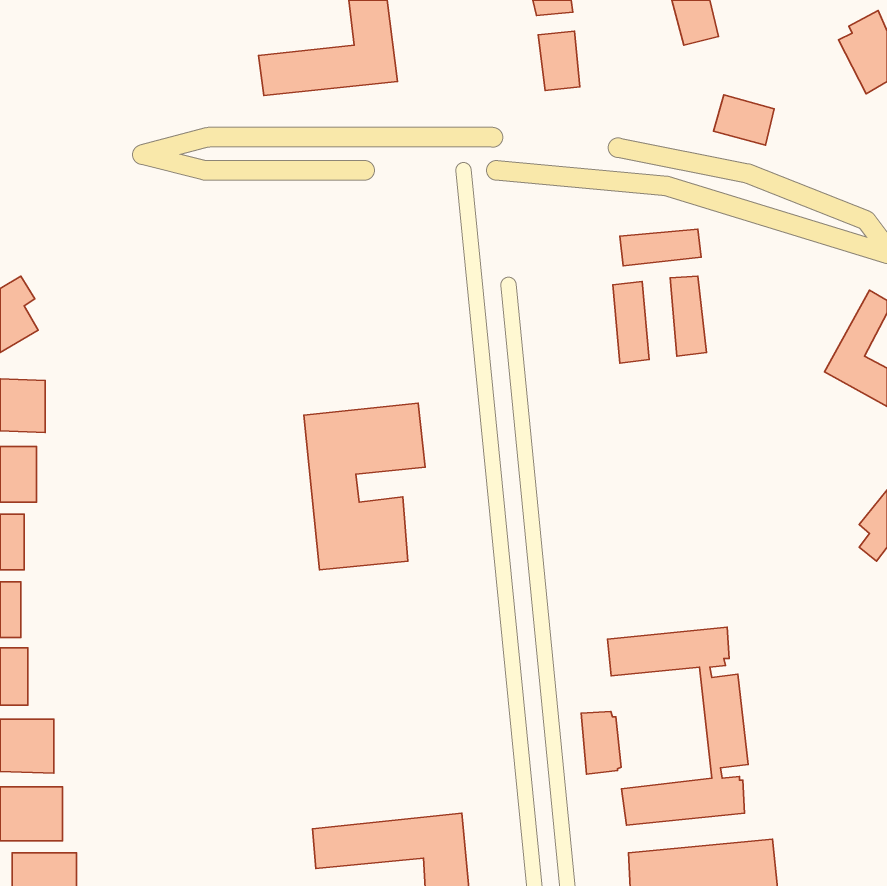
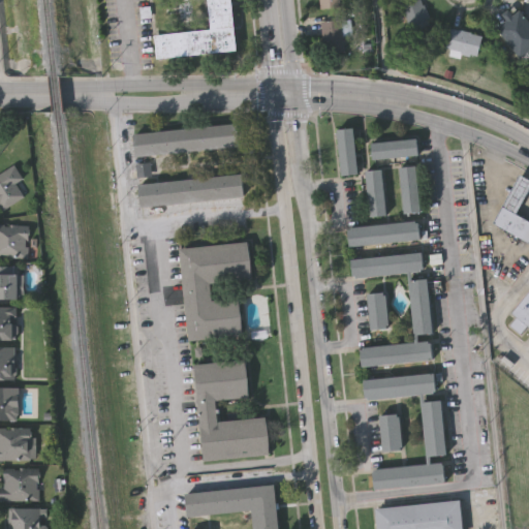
building: [713,95,774,145] -> [445,28,481,58]
building: none -> [134,122,241,157]
building: none -> [335,127,357,175]
building: none -> [141,174,245,207]
building: none -> [347,221,419,248]
building: none -> [350,253,433,368]
building: none -> [367,293,388,331]
building: none -> [195,359,272,461]
building: [581,712,621,774] -> [377,413,401,450]

